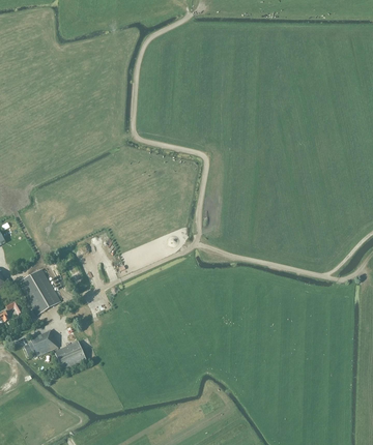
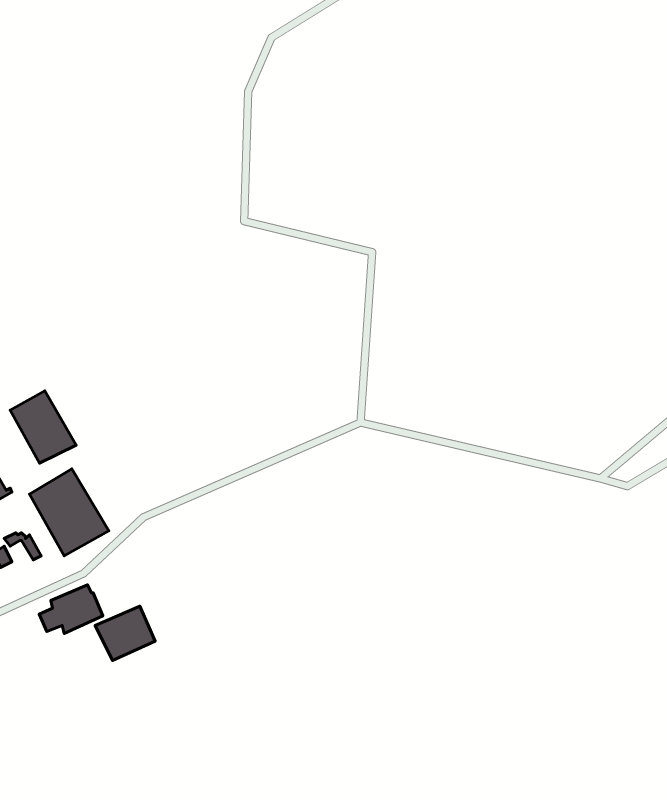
building: none -> [10,391,76,463]

